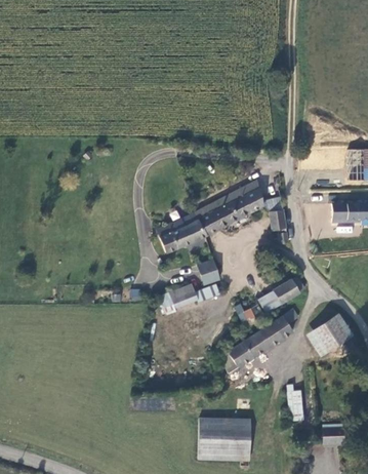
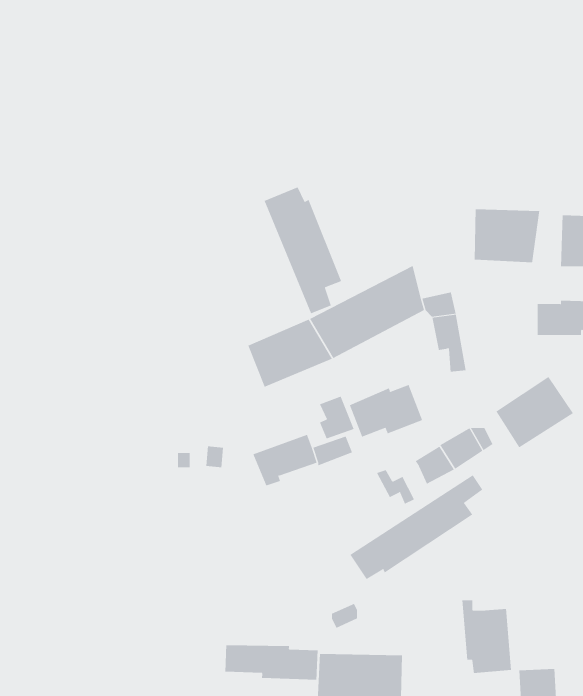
building: none -> [264,187,342,314]
building: none -> [474,208,540,263]
building: none -> [349,384,423,438]
building: [306,312,355,356] -> [495,376,574,448]
building: none -> [225,645,318,681]

